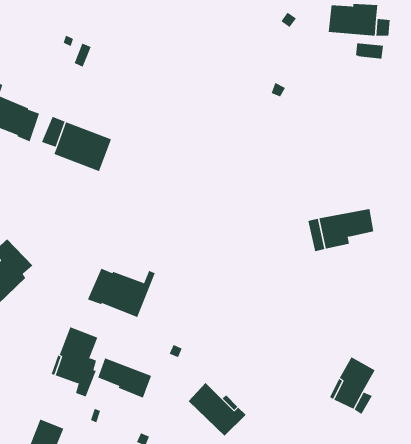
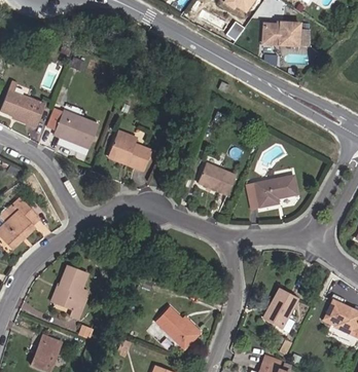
building: none -> [107,129,151,171]
building: none -> [198,162,235,194]
building: [87,268,156,318] -> none
building: [97,358,152,399] -> none

